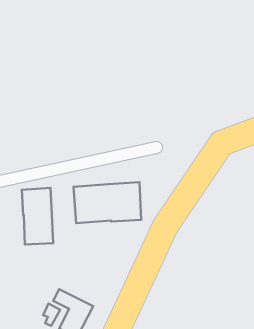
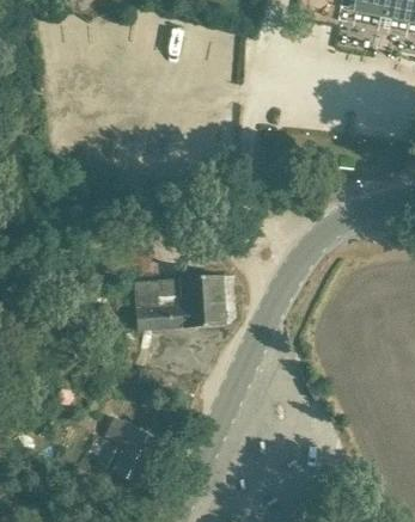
building: [22,188,53,244] -> none

